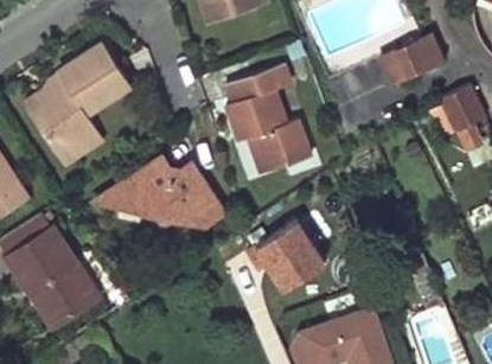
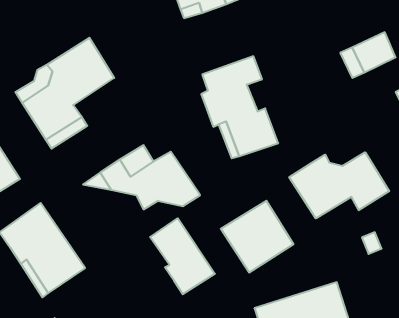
building: none -> [289,152,389,218]
building: none -> [150,218,215,294]

